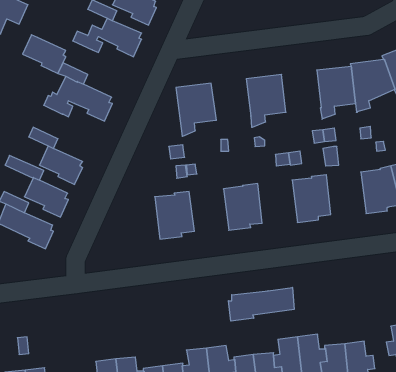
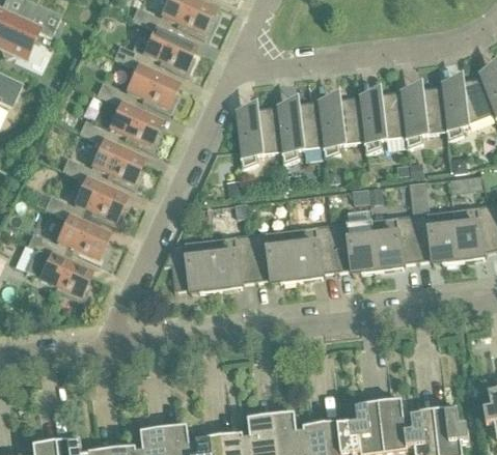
building: [23,35,66,74] -> [127,66,177,112]
building: none -> [360,90,407,152]
building: none -> [277,101,324,163]
building: none -> [92,142,143,188]
building: none -> [413,210,460,262]
building: none -> [332,220,379,273]
building: none -> [251,230,298,282]
building: none -> [164,239,217,292]
building: [228,287,294,321] -> none

